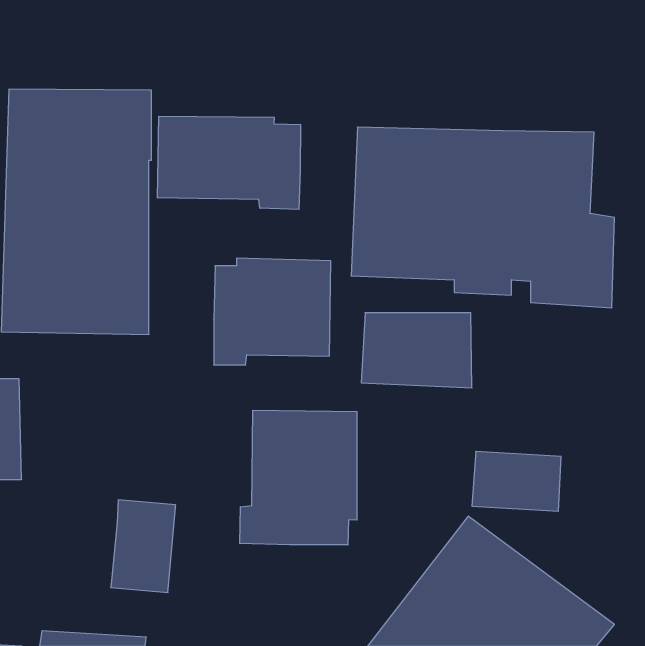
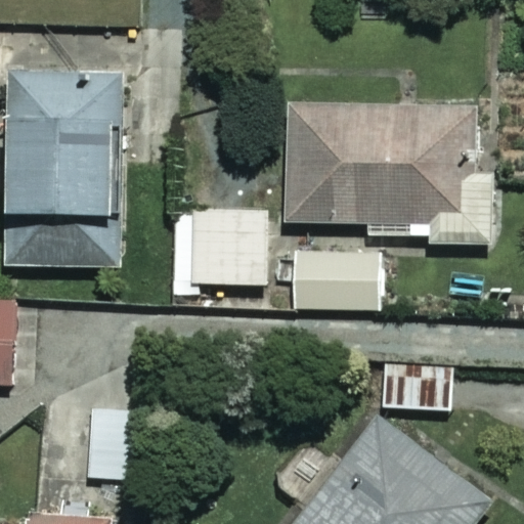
building: [158,116,300,209] -> none
building: [240,410,357,545] -> none

